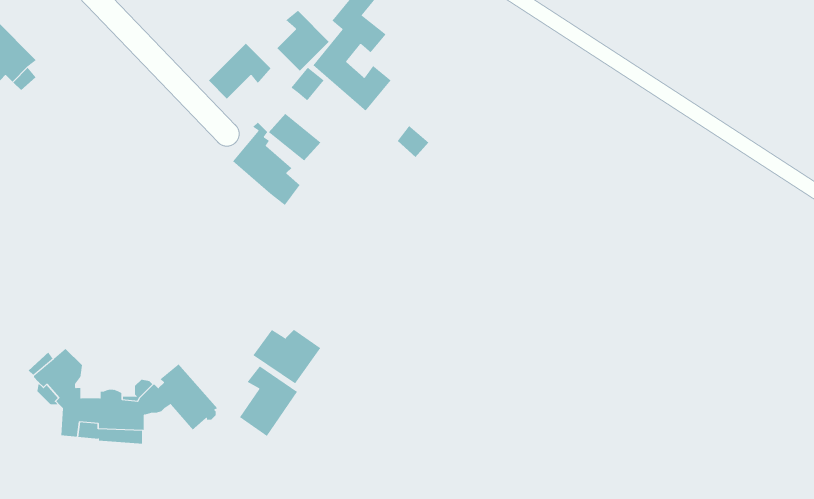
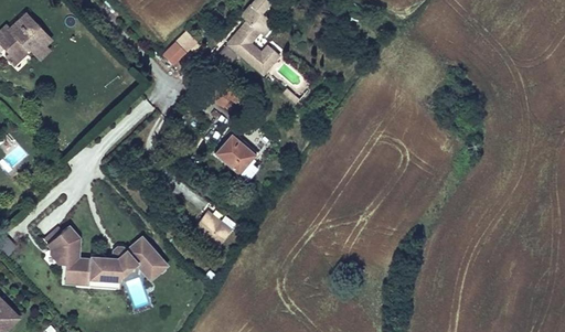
building: [276,10,330,72] -> none
building: [232,122,301,206] -> [215,127,259,181]
building: [239,365,298,437] -> none

